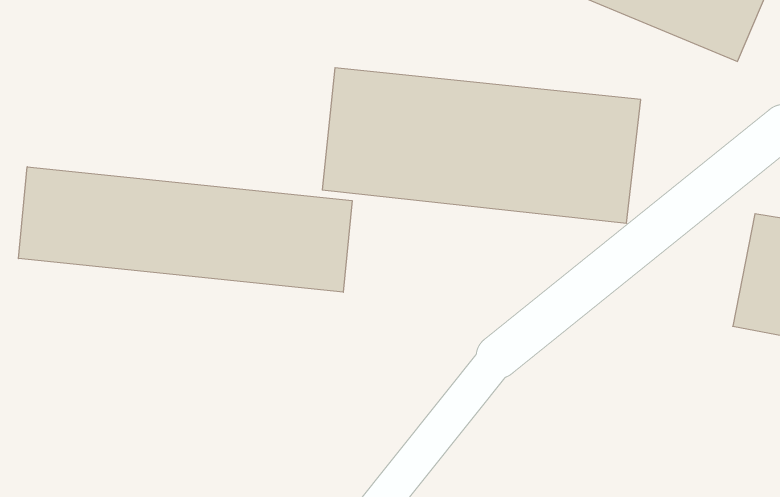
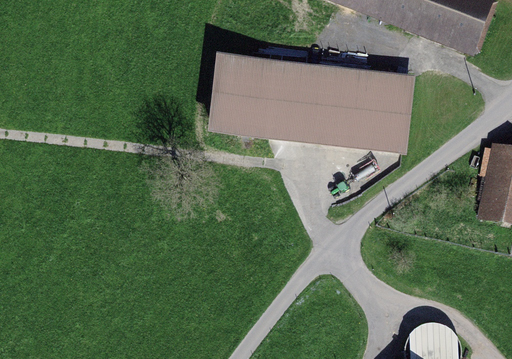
building: [18,167,352,292] -> none

